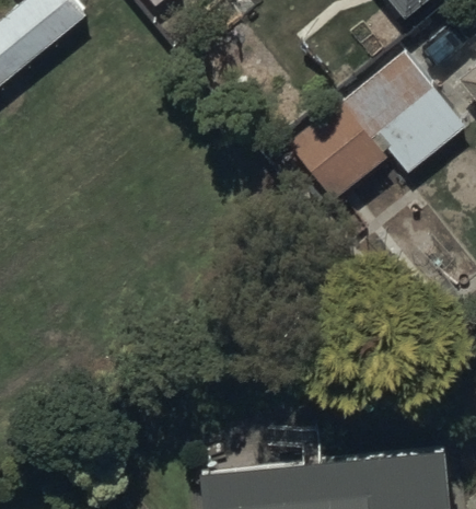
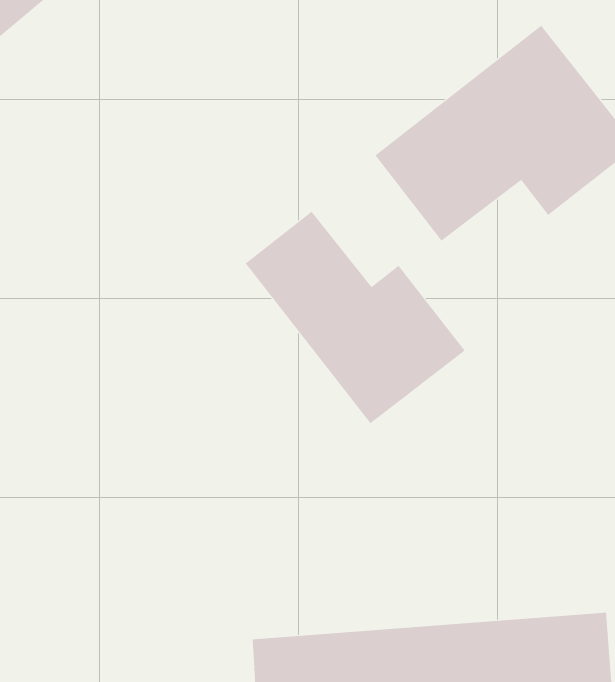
building: none -> [245,211,466,424]

